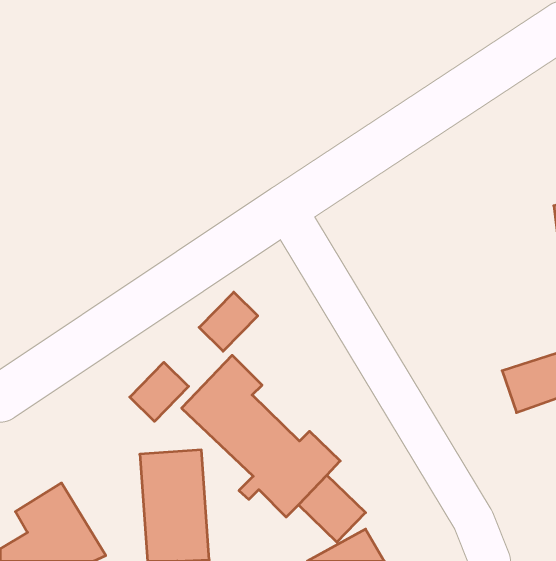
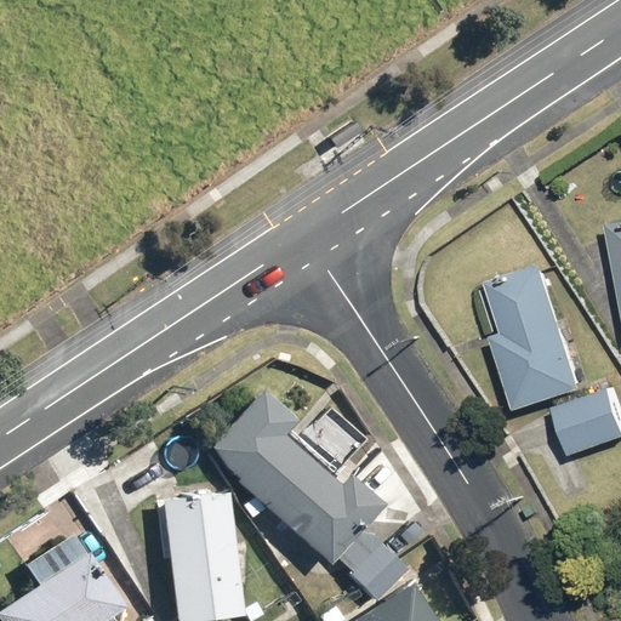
building: none -> [496,268,588,415]
building: [199,292,258,351] -> none
building: [130,362,189,421] -> none

